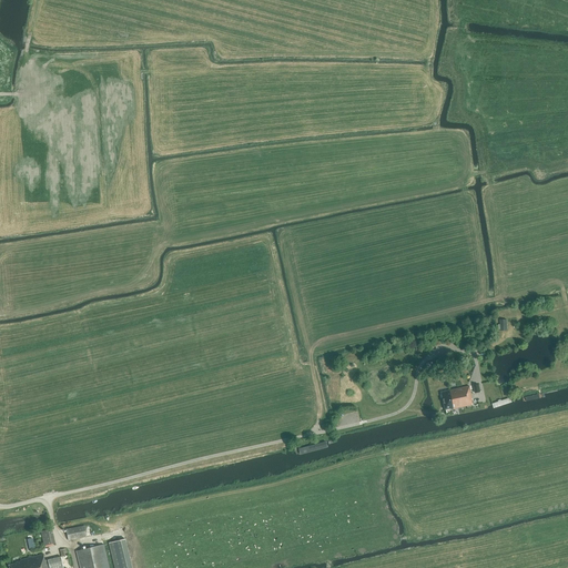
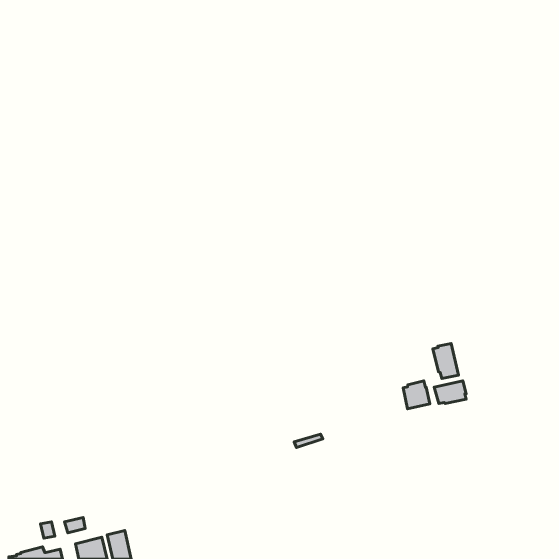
building: none -> [433,344,458,379]
building: none -> [403,381,430,409]

